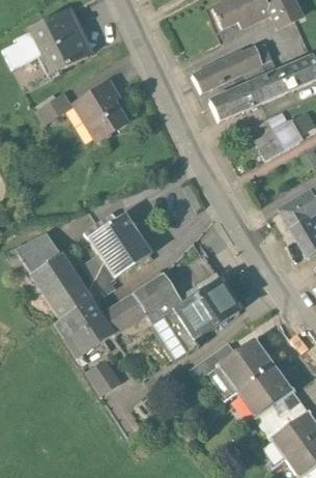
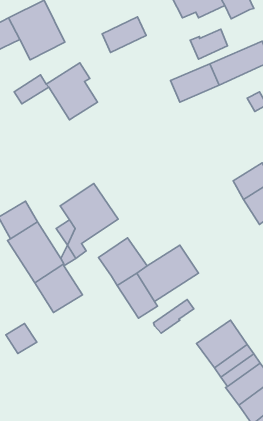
building: [192,53,240,92] -> [102,17,146,52]
building: [255,118,301,157] -> none
building: [98,293,144,335] -> none
building: [219,336,276,389] -> none
building: [87,358,121,391] -> [6,323,37,353]

